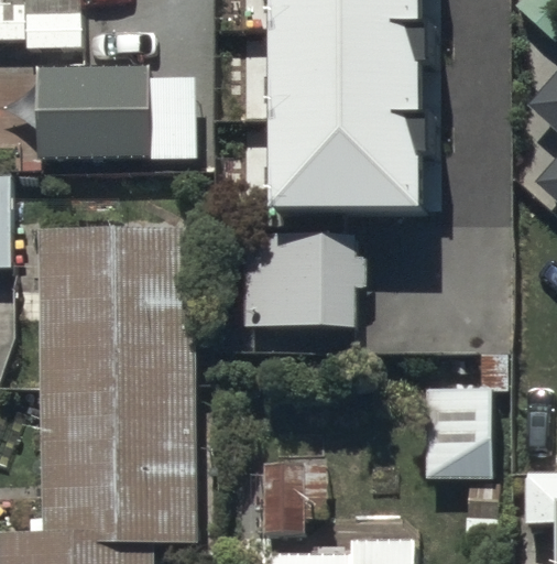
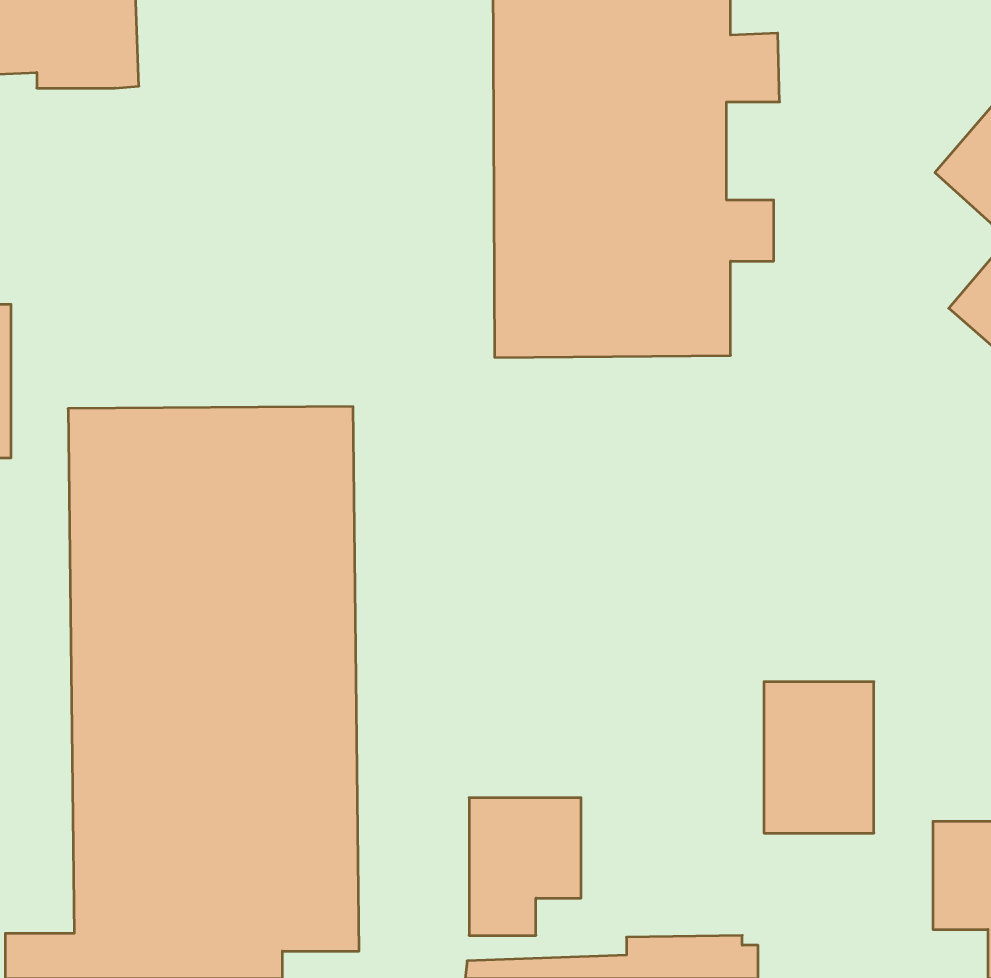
building: [43,70,150,156] -> none
building: [243,237,364,345] -> none

